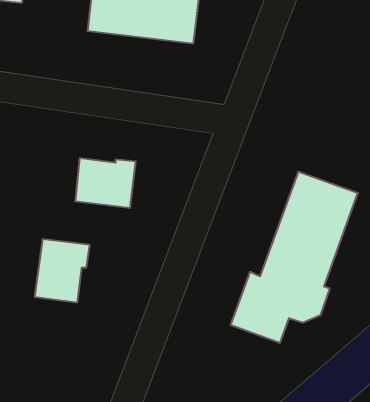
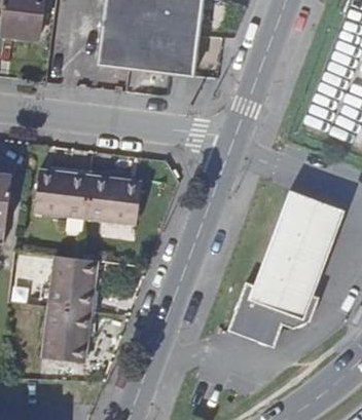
building: none -> [36,170,90,219]
building: none -> [43,306,88,362]

